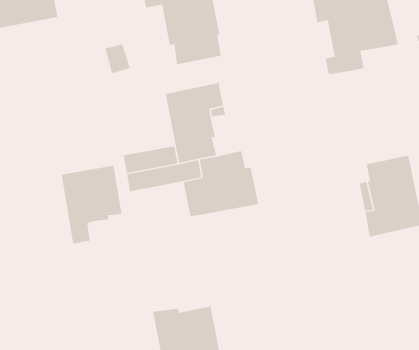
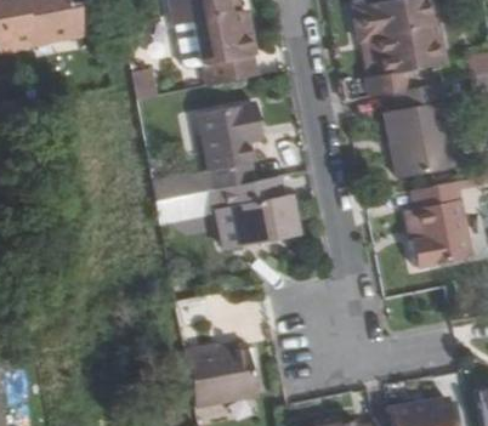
building: none -> [384,84,454,180]
building: [61,165,123,244] -> none

